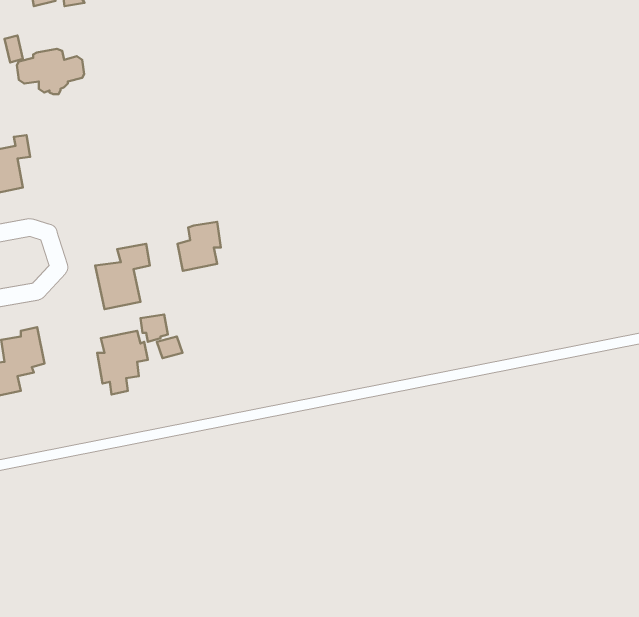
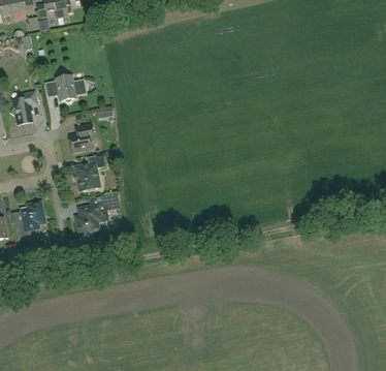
building: [17,49,84,94] -> [45,76,84,102]
building: [177,222,221,271] -> [68,124,93,152]

